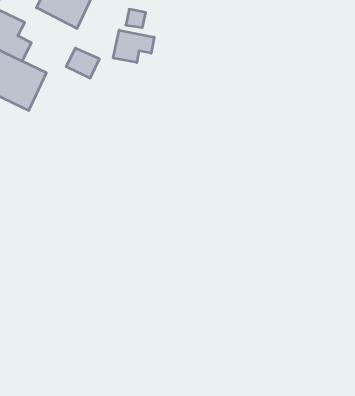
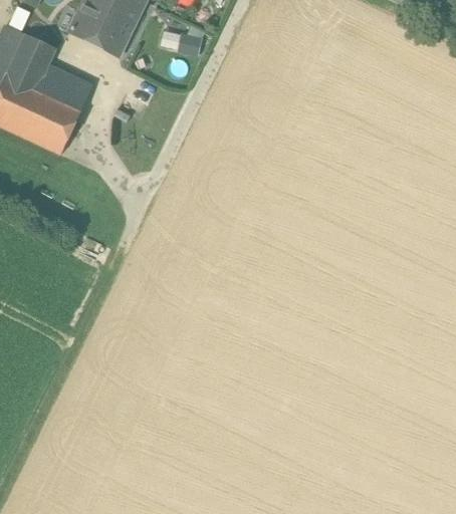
building: [113,30,154,63] -> none
building: [66,48,99,78] -> [53,72,93,108]

